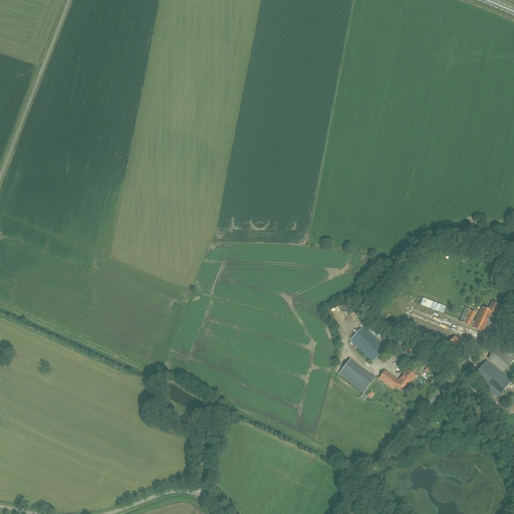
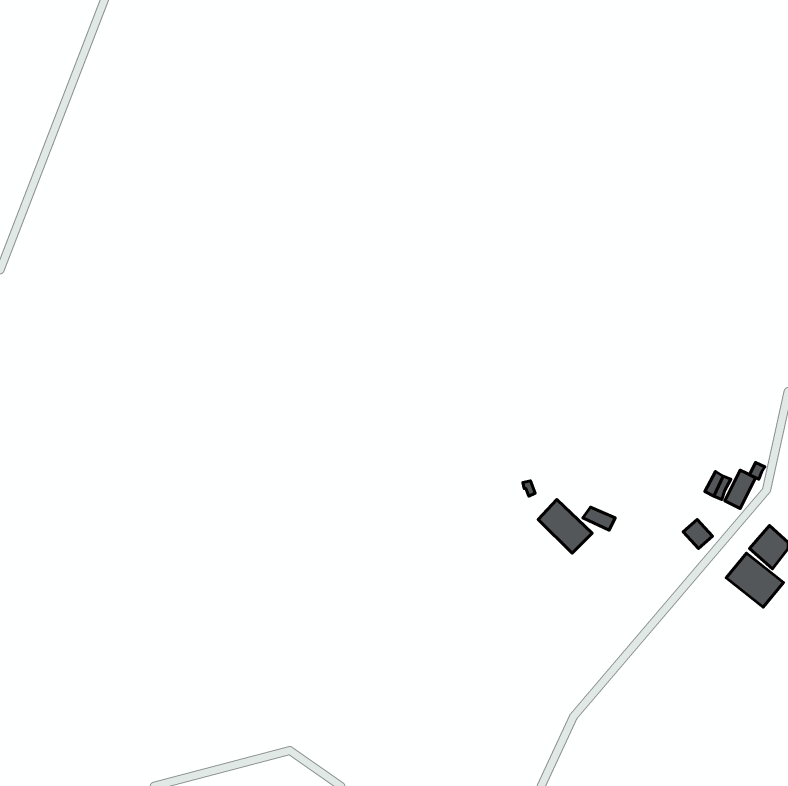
building: [338,358,374,393] -> none
building: [379,368,416,391] -> none

